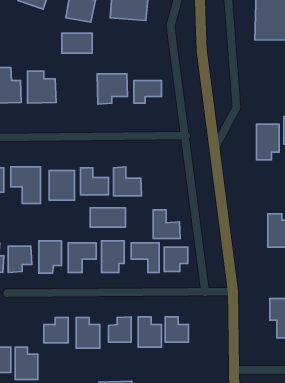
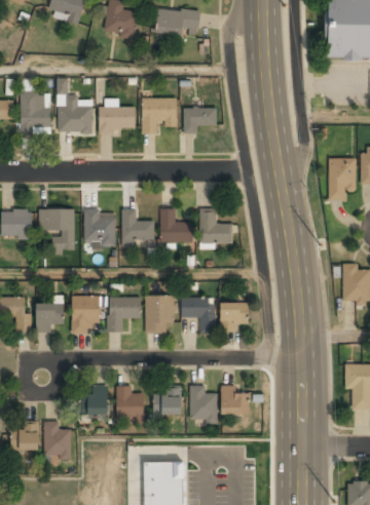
building: [62,33,92,53] -> [99,107,135,130]
building: [90,208,126,227] -> none
building: [153,210,180,239] -> [200,208,232,242]

